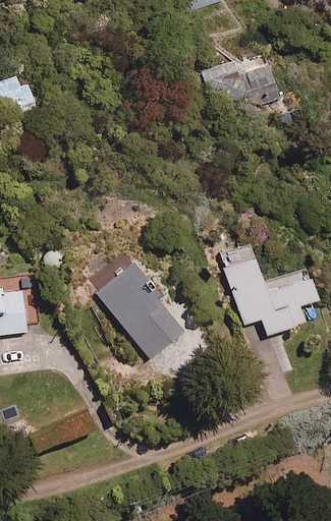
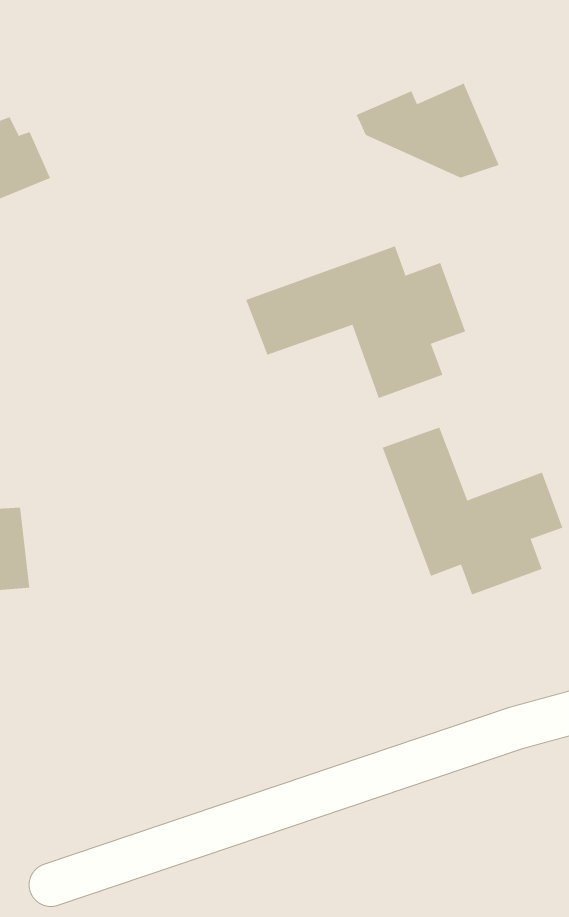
building: none -> [246,246,466,399]
building: [97,264,182,358] -> none

